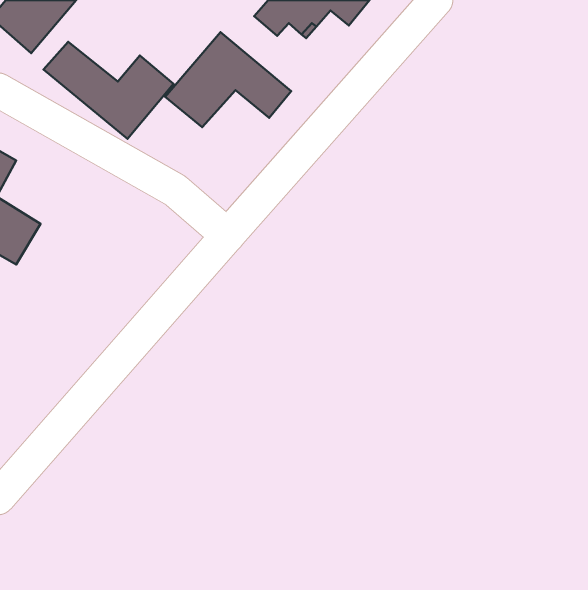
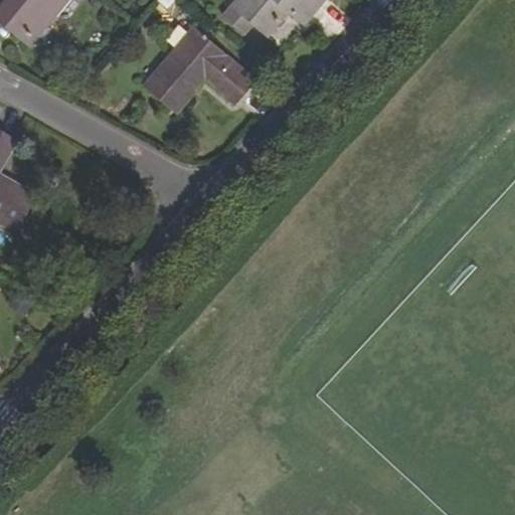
building: [44,42,173,139] -> none

